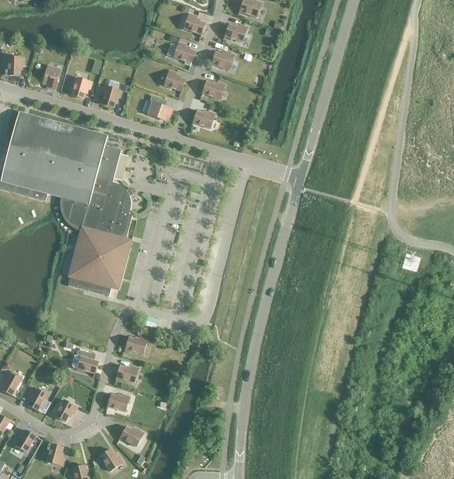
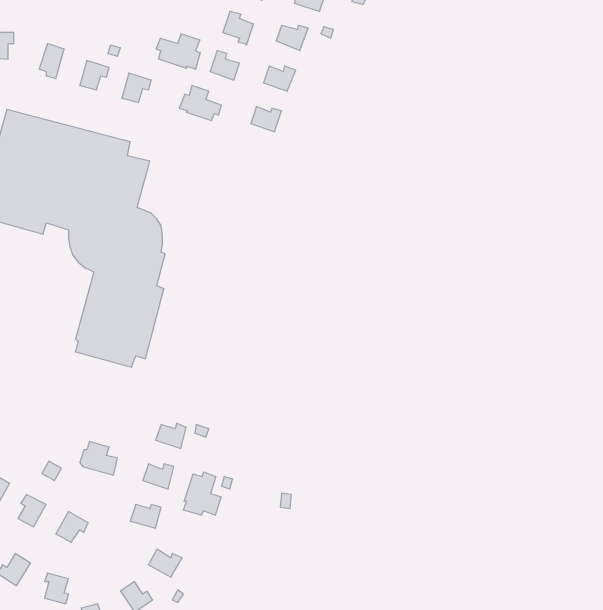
building: none -> [156,34,200,69]
building: none -> [183,472,221,515]

